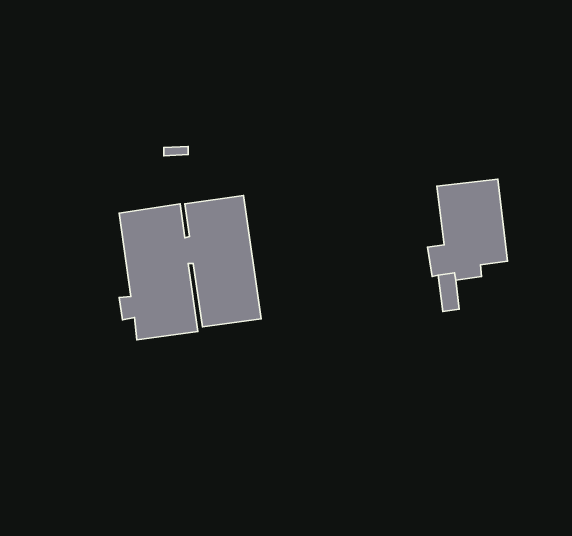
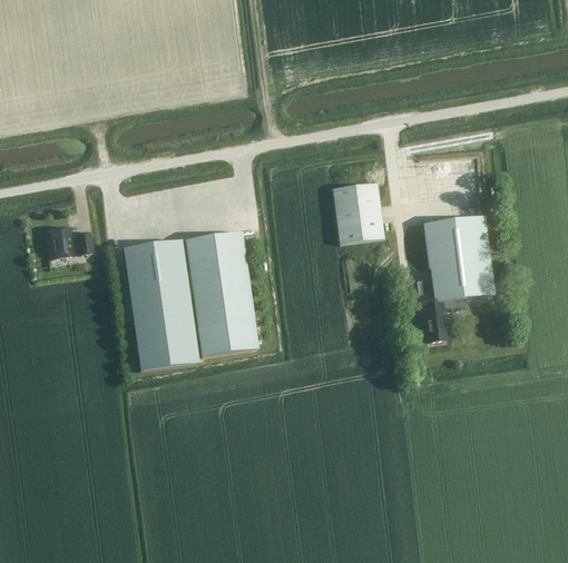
building: none -> [333,181,384,243]
building: none -> [48,226,94,257]

